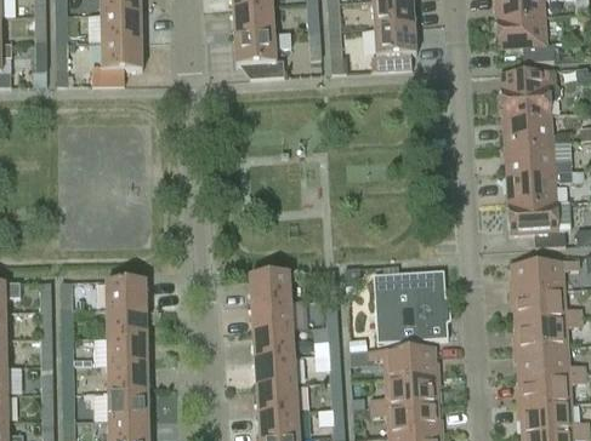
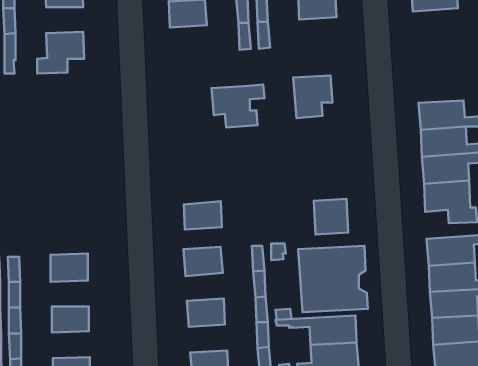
building: [101,13,141,41] -> none
building: [496,15,555,61] -> none
building: [374,24,416,70] -> [293,75,333,118]
building: [234,31,291,78] -> [211,85,264,127]
building: [501,69,559,116] -> none
building: none -> [314,199,348,235]
building: [251,299,292,330] -> [184,201,222,229]
building: [106,308,147,336] -> none
building: [255,355,296,385] -> none
building: [107,362,148,391] -> none

